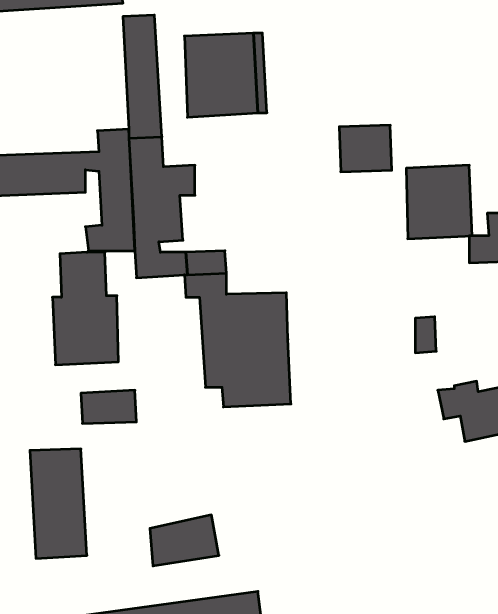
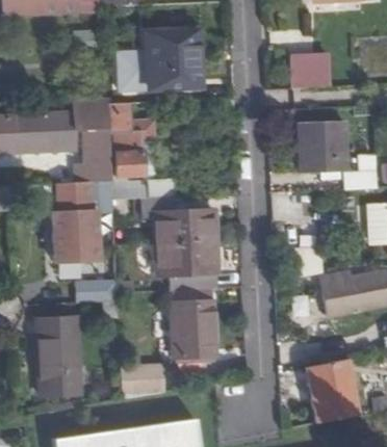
building: [339,125,392,172] -> [291,57,328,89]
building: none -> [175,300,216,356]
building: none -> [305,362,357,424]

